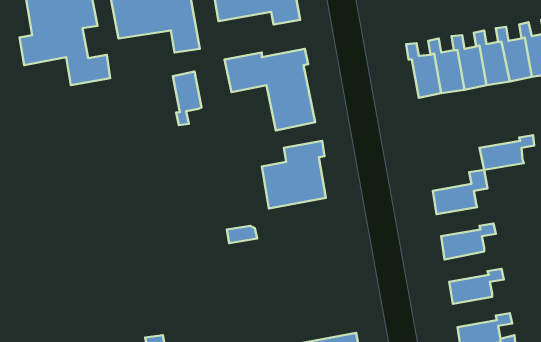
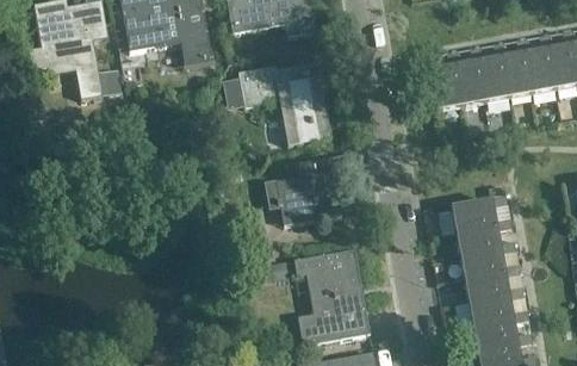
building: [173,72,201,125] -> none
building: [480,135,534,170] -> [454,216,510,252]
building: none -> [293,247,370,343]
building: none -> [463,261,519,298]
building: none -> [471,308,527,345]

